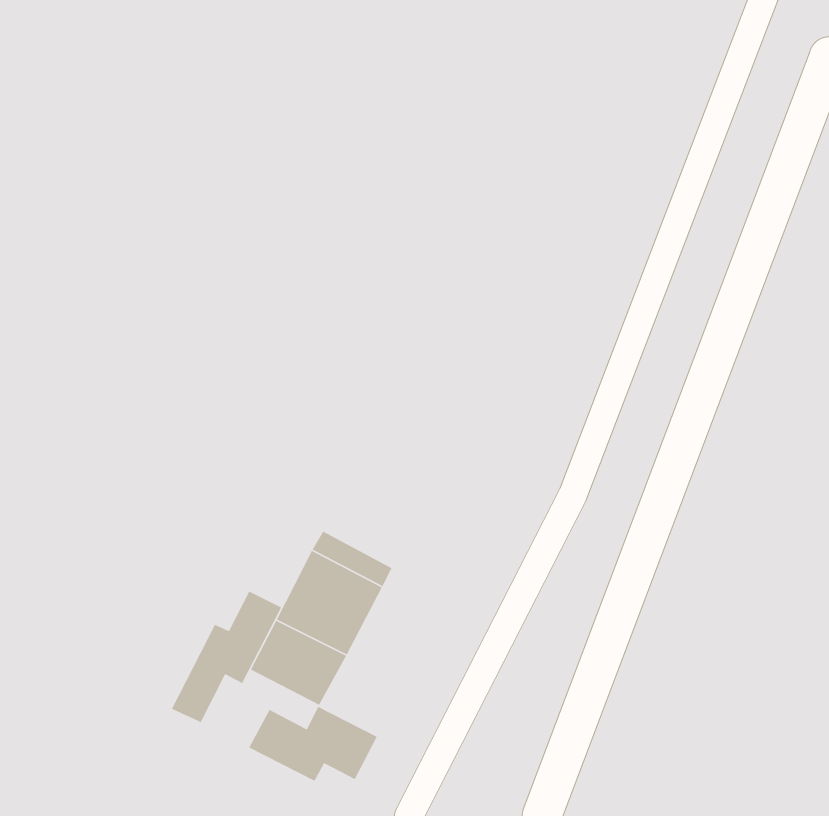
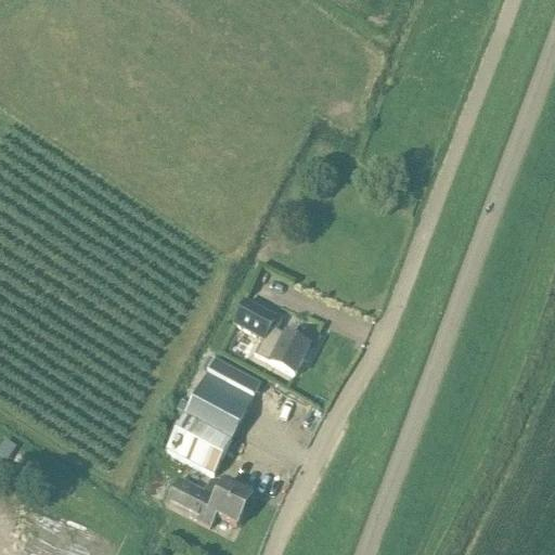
building: none -> [232,297,313,371]
building: [171,590,282,723] -> none

